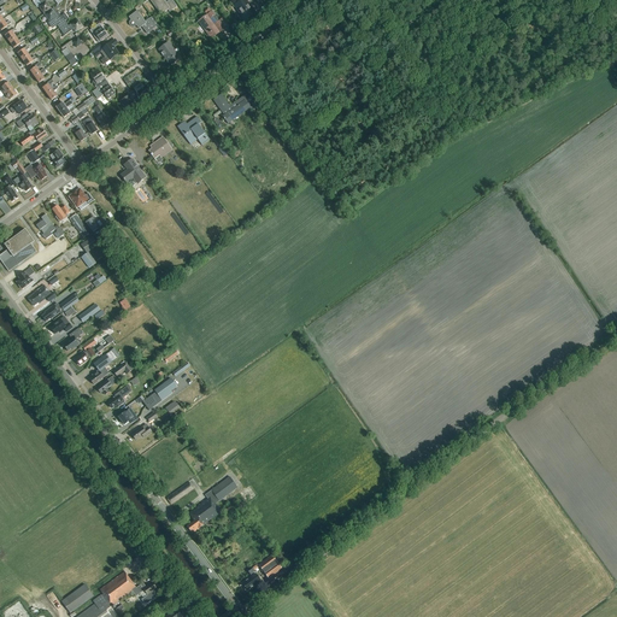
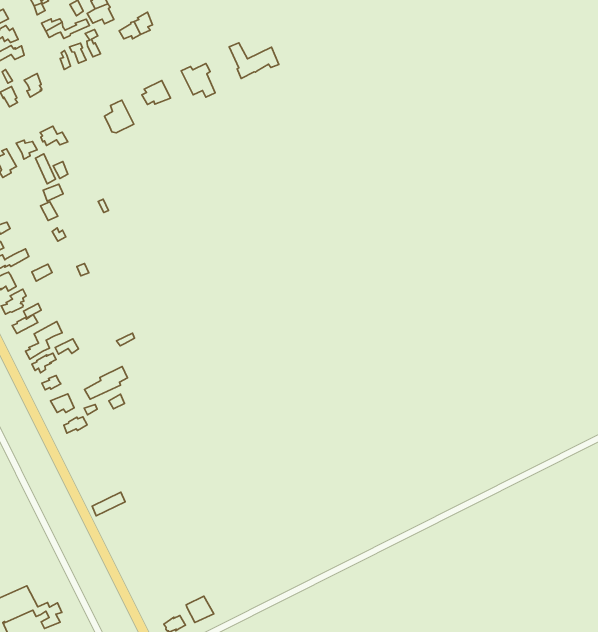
building: [187,476,237,531] -> none

